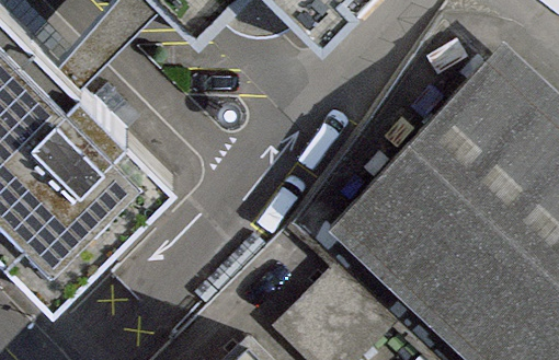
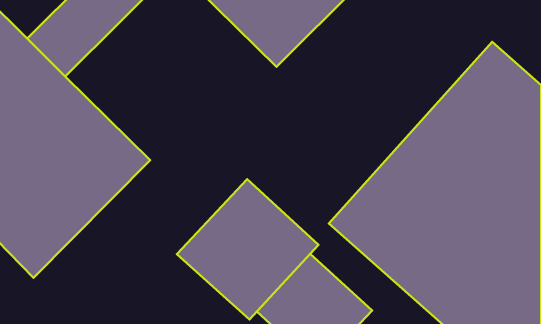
building: none -> [177,179,318,320]

